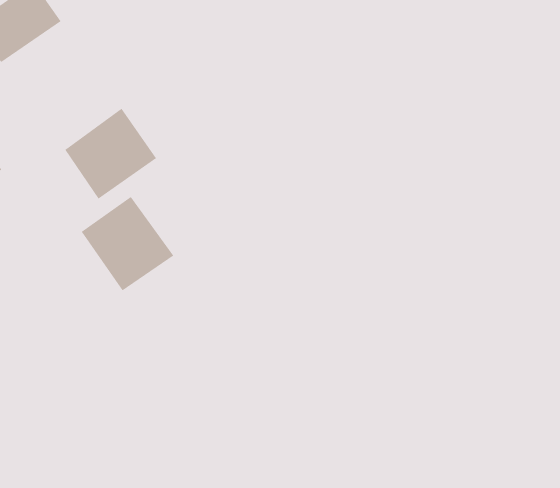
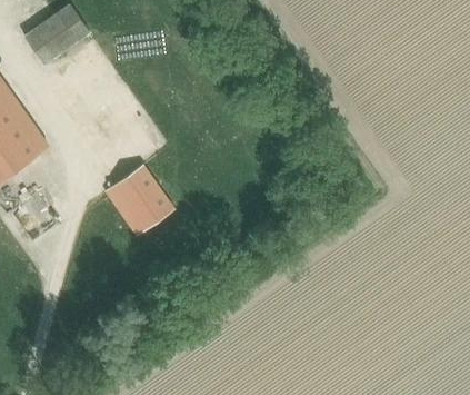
building: [64,108,157,200] -> none

